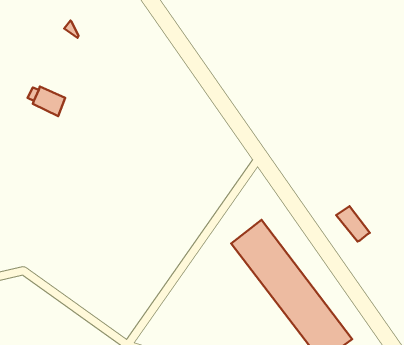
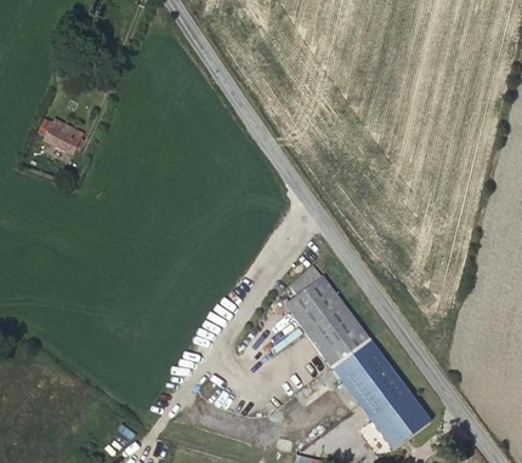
building: [336,206,370,242] -> none

